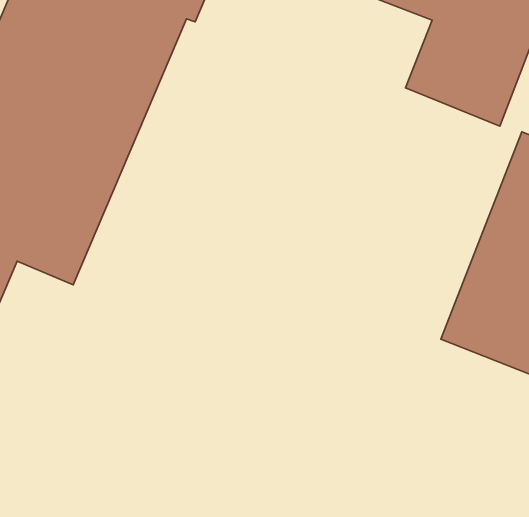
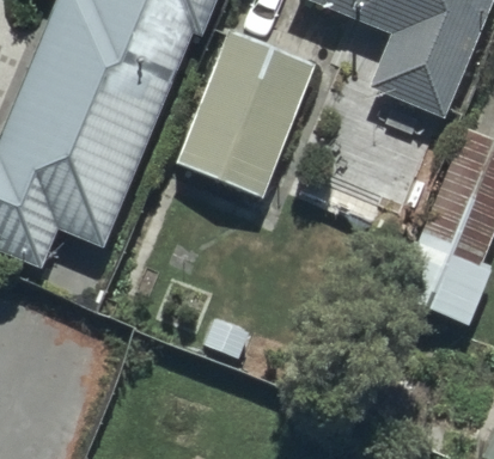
building: none -> [177,30,316,201]

